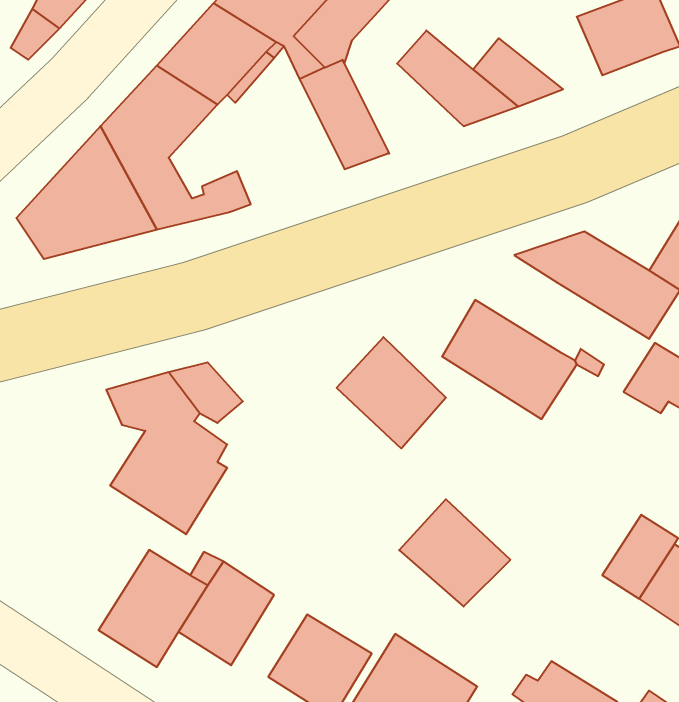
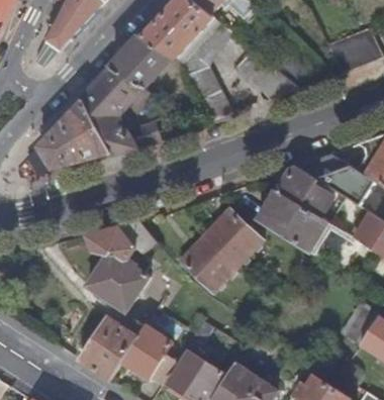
building: none -> [276,166,332,216]
building: [399,499,510,607] -> [180,234,237,290]

